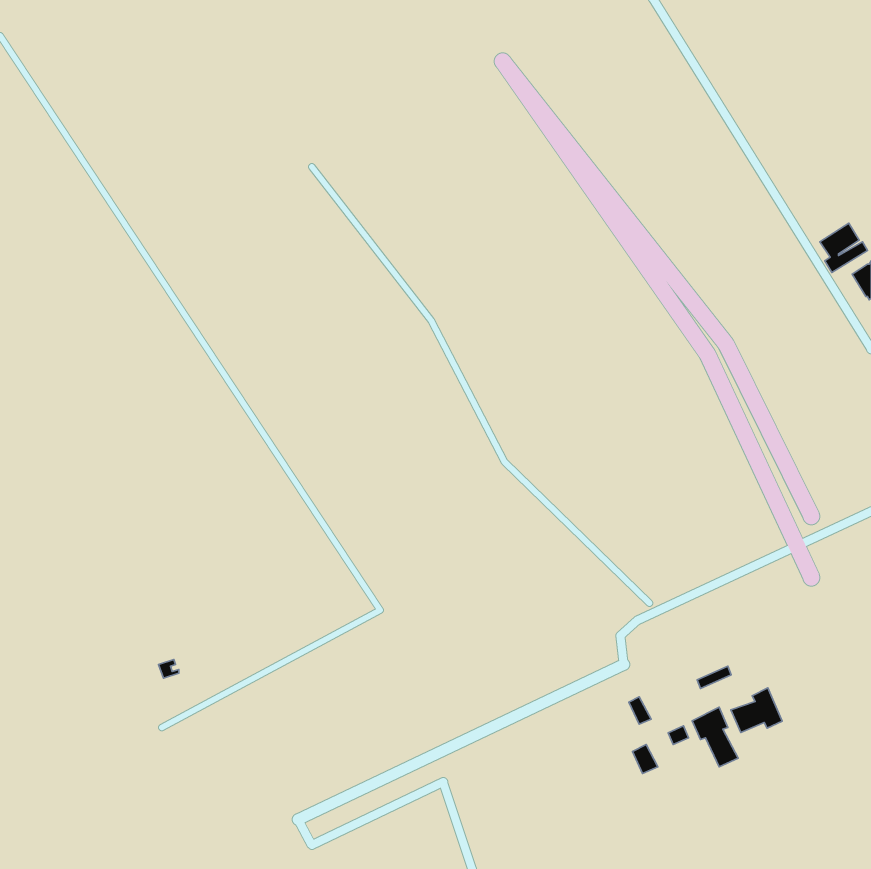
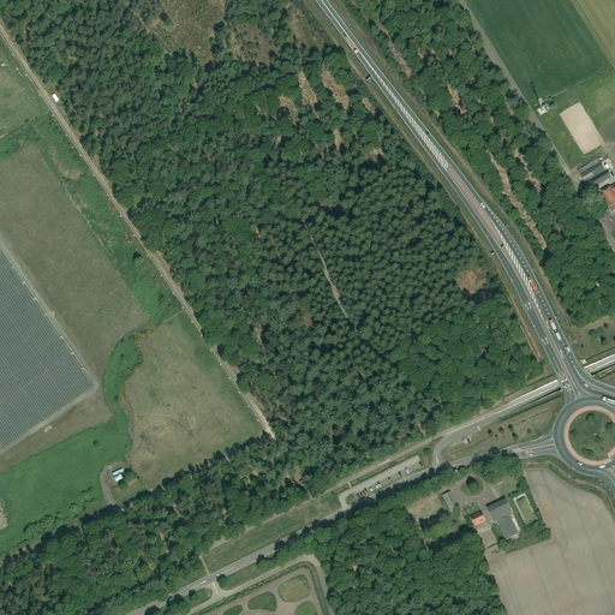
building: [731,688,782,732] -> none

